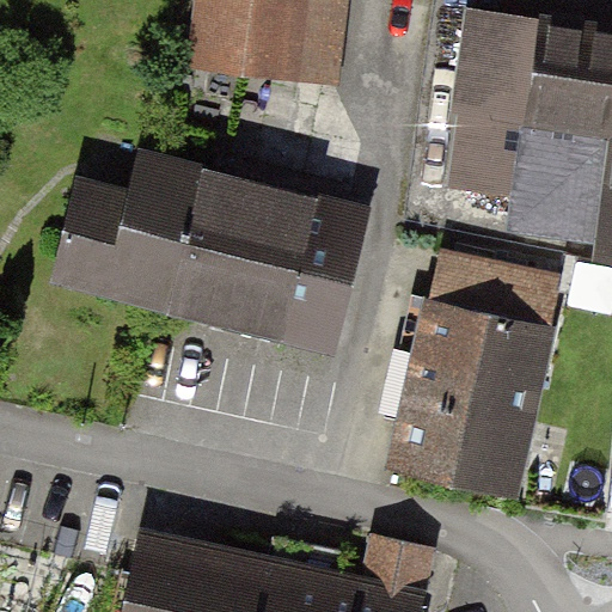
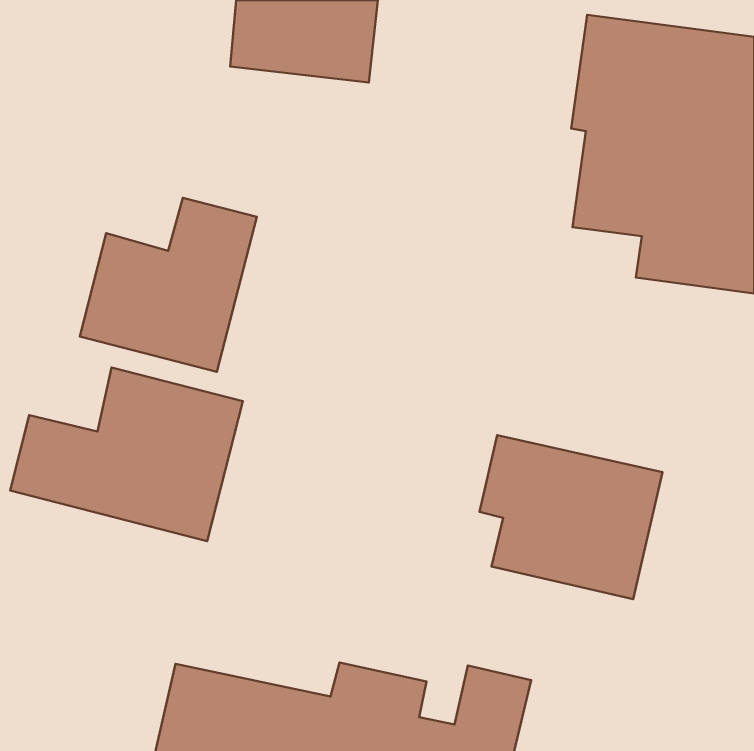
building: [176,178,365,342] -> none
building: [403,255,562,385] -> none
building: none -> [10,368,243,541]

